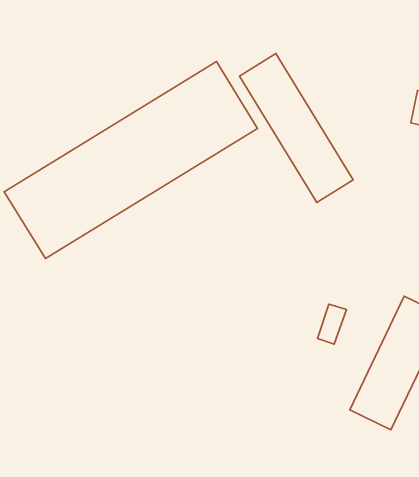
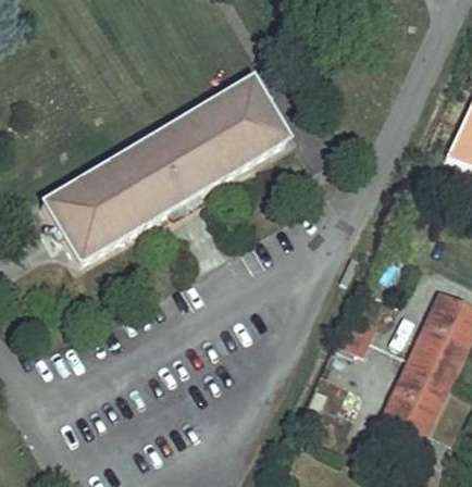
building: [239,54,353,202] -> none

